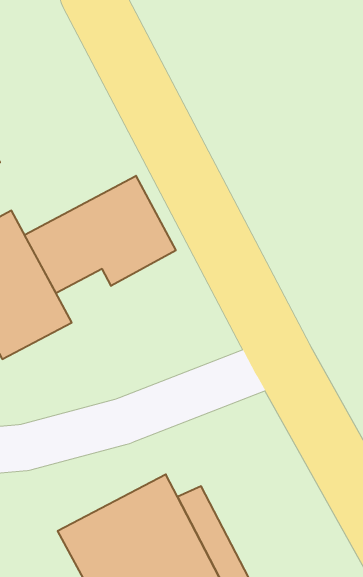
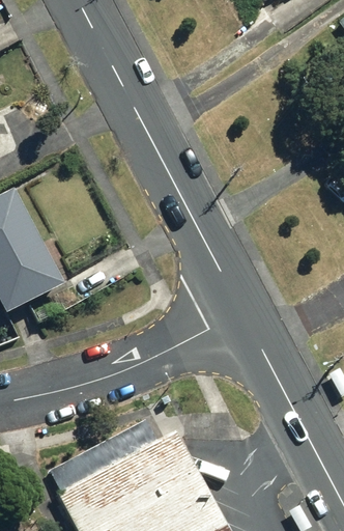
building: [25,176,176,293] -> none

